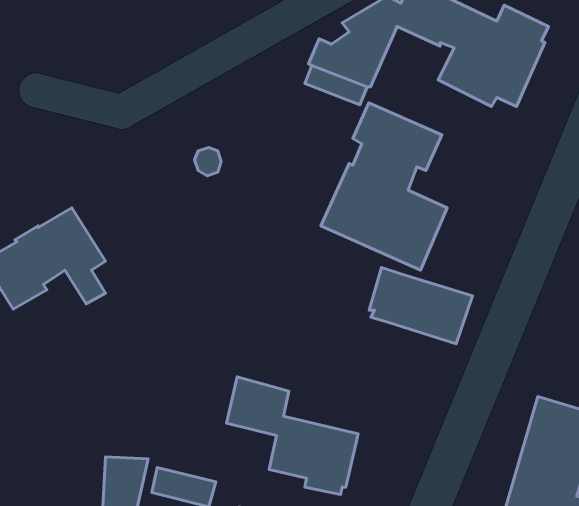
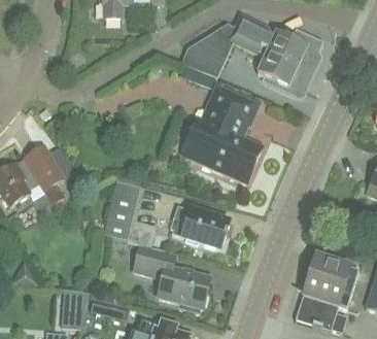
building: none -> [103,179,141,239]
building: [369,267,472,344] -> [170,205,230,249]

